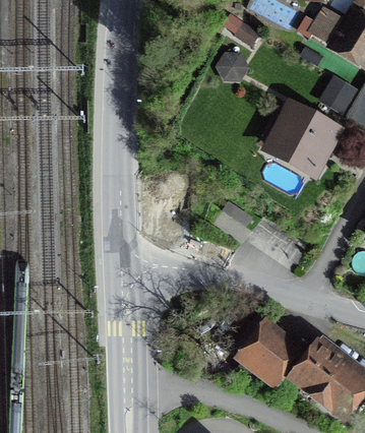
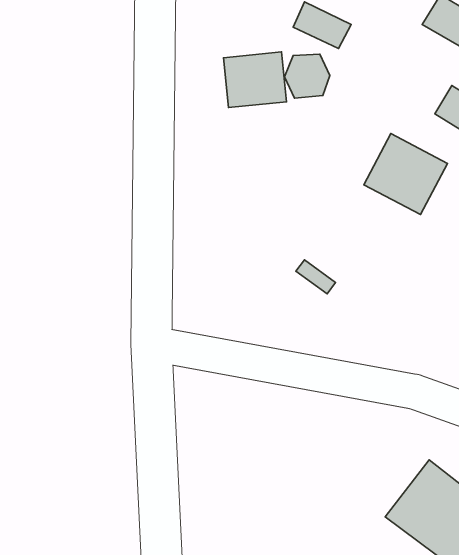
building: none -> [223,52,287,108]
building: [236,314,297,379] -> none

